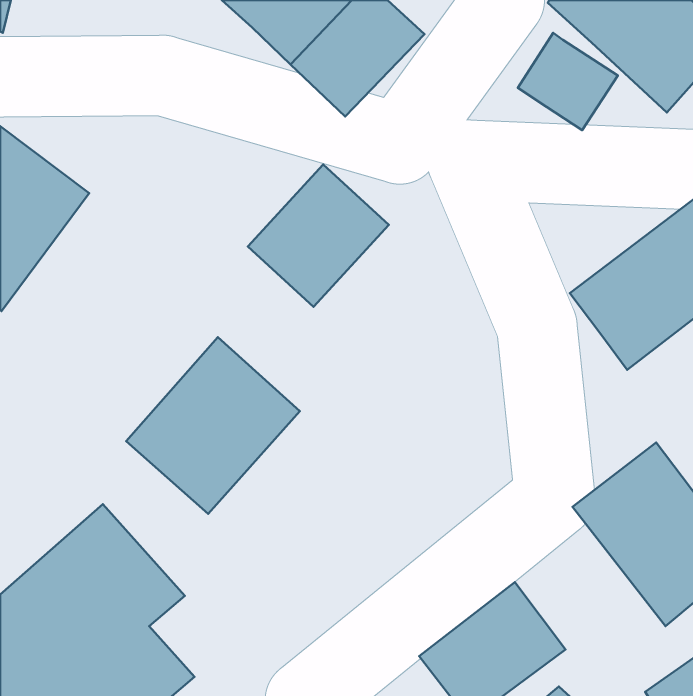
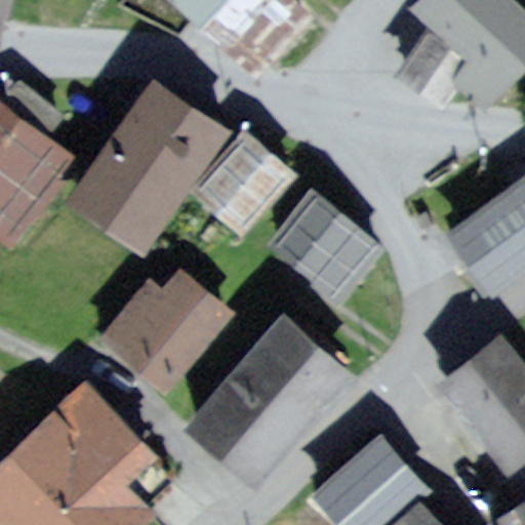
building: none -> [64,81,224,258]
building: none -> [270,192,385,302]
building: none -> [191,317,353,483]

